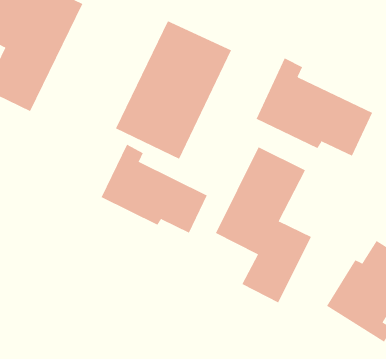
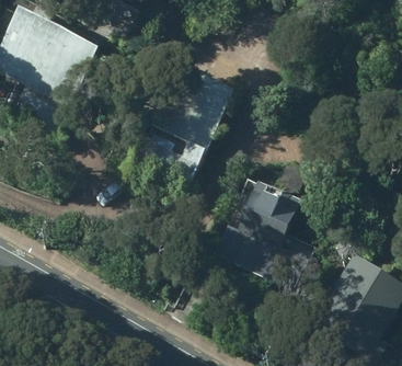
building: [256,57,373,156] -> none
building: [101,144,208,233] -> none

